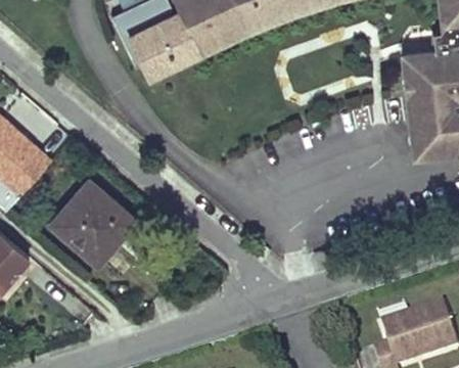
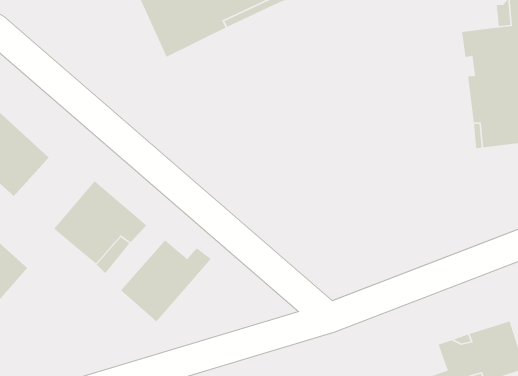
building: none -> [120,240,212,322]

